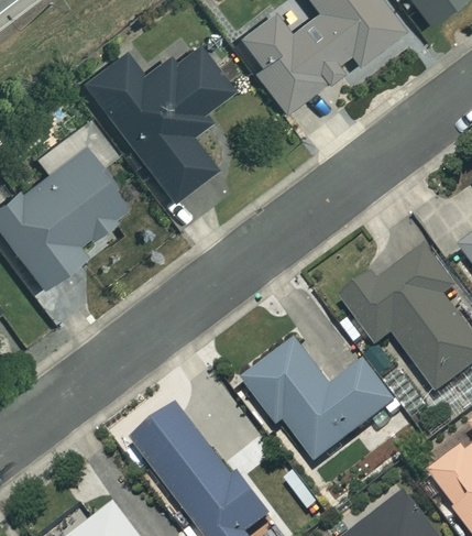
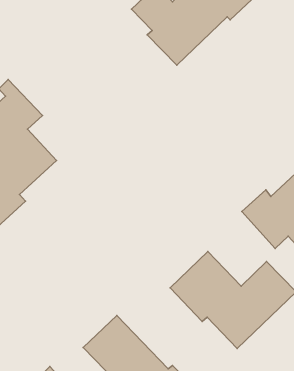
building: [81,44,229,204] -> none

